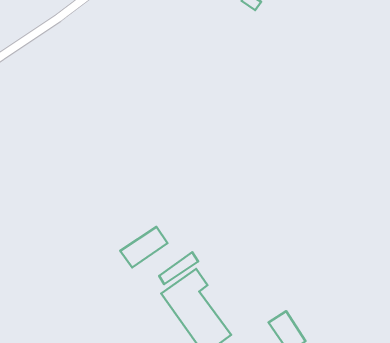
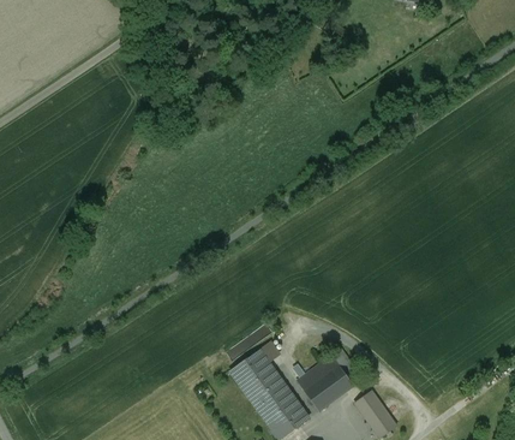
building: [120,227,167,268] -> none
building: none -> [299,349,357,412]

